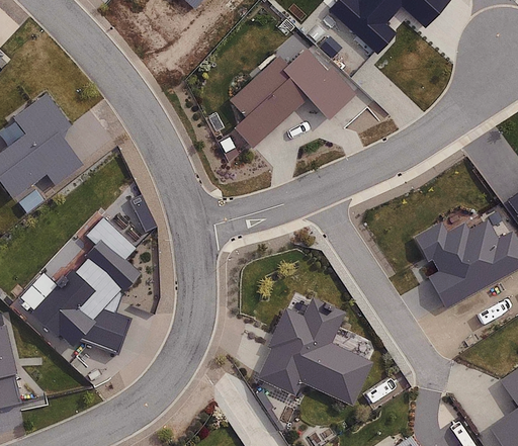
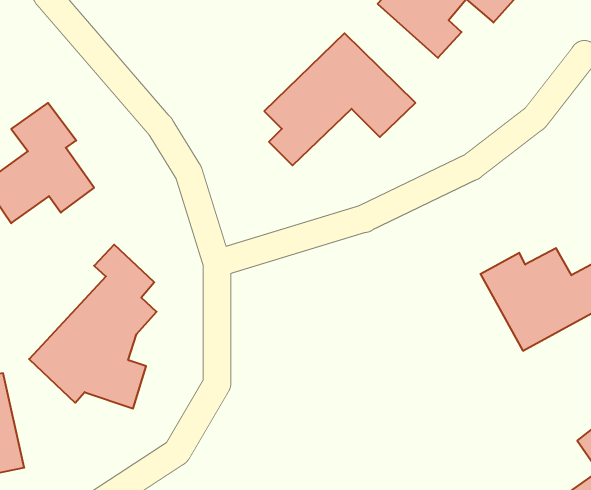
building: [253,298,374,409] -> none

